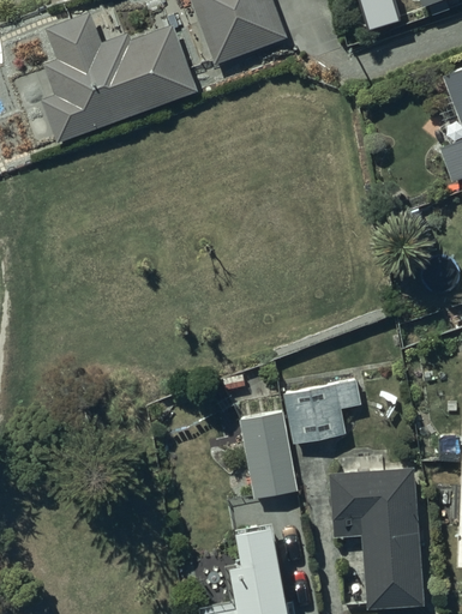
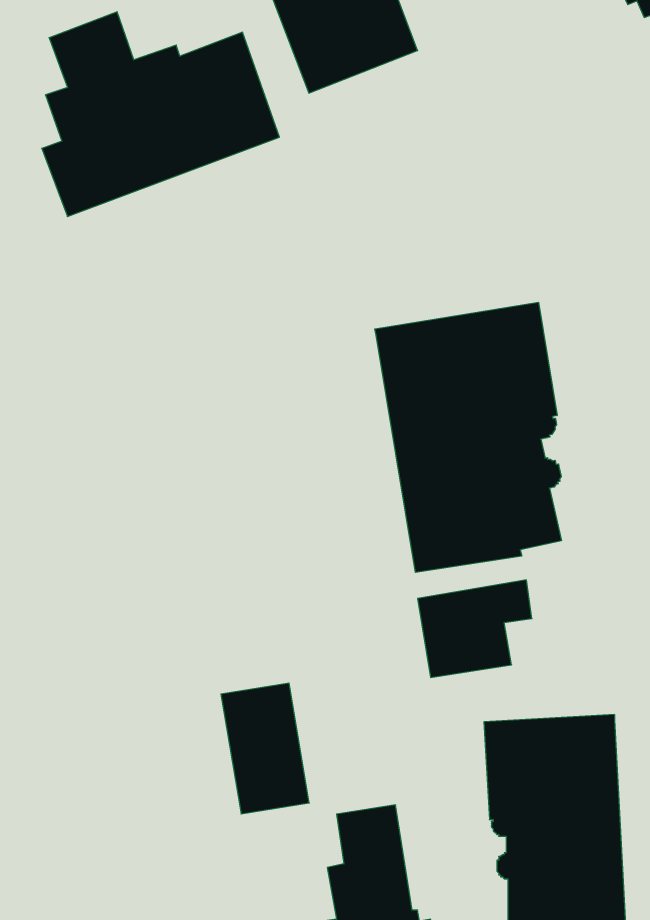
building: none -> [375,302,561,572]
building: [241,411,299,496] -> [221,683,309,814]

